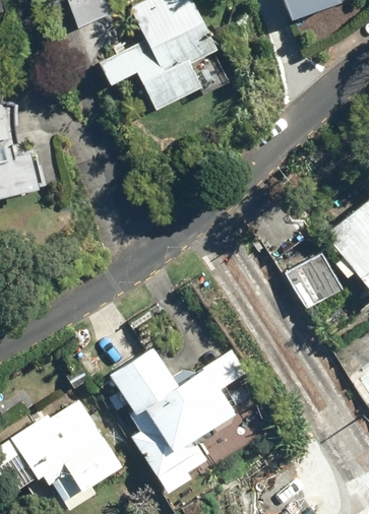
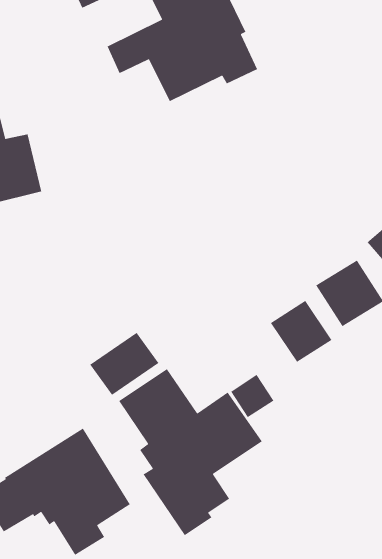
building: none -> [270,300,332,363]
building: none -> [89,332,160,396]

